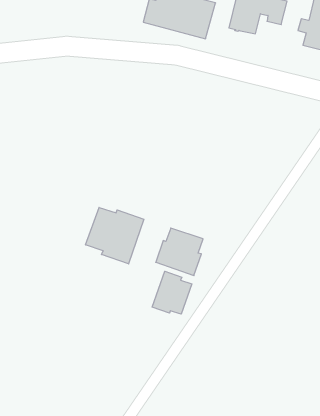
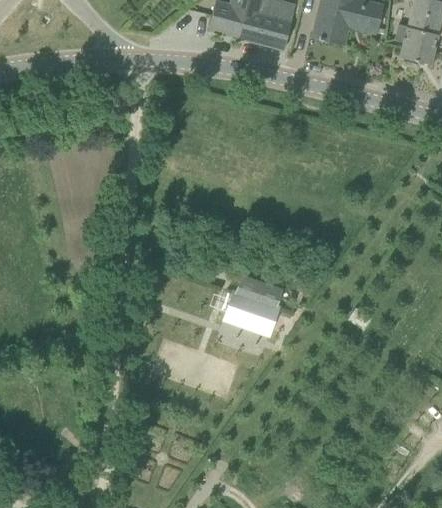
building: [86,207,144,264] -> none
building: [152,271,192,314] -> none

